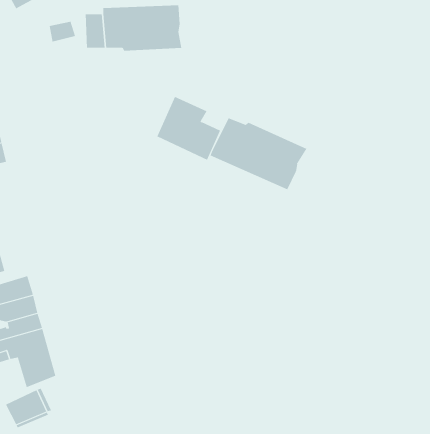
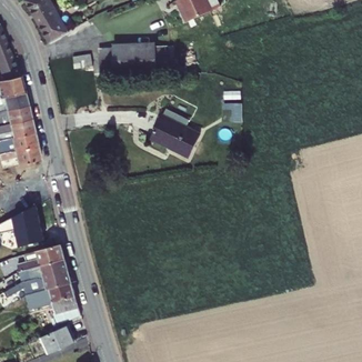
building: [210,117,307,190] -> none

